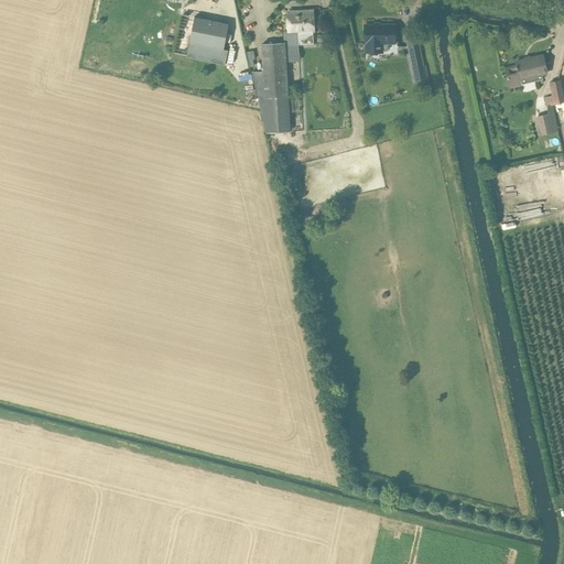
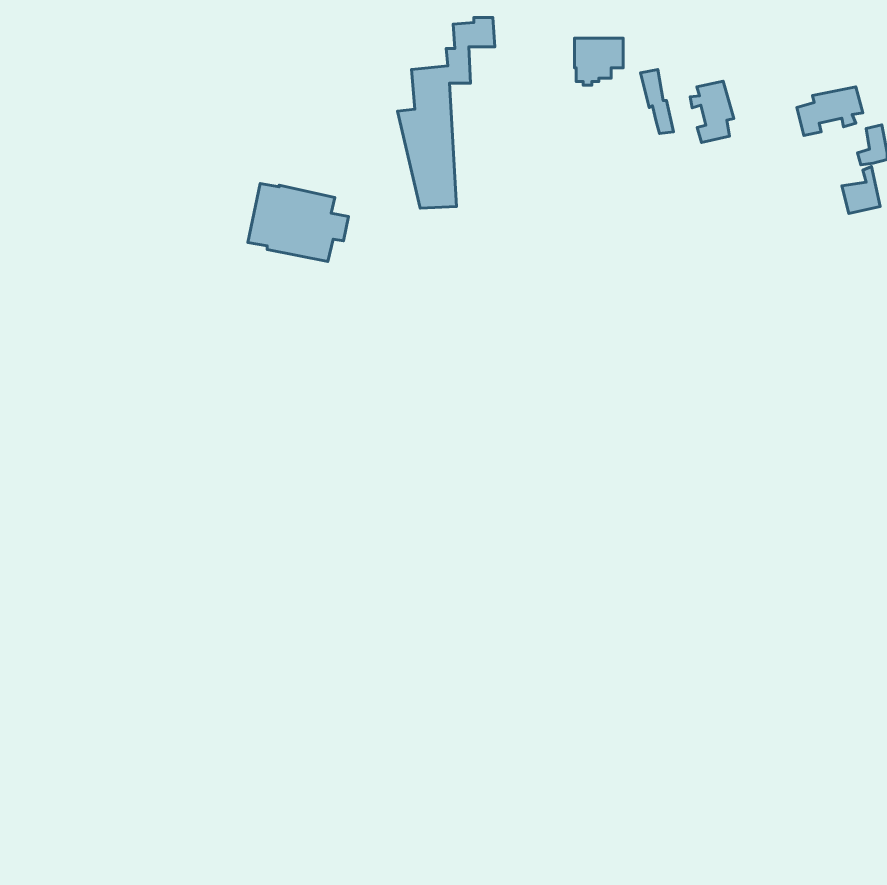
building: [174,14,238,64] -> [248,184,349,262]
building: none -> [690,81,734,143]

